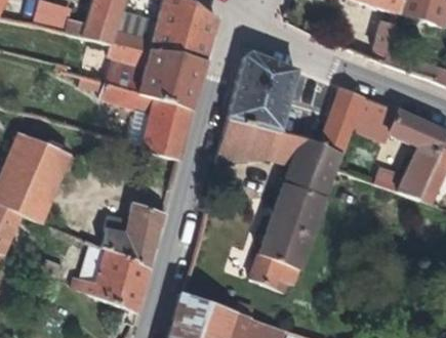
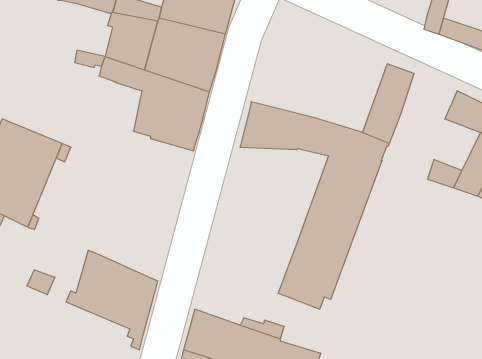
building: [228,52,298,132] -> none
building: [353,95,400,142] -> none
building: [102,202,165,268] -> none

